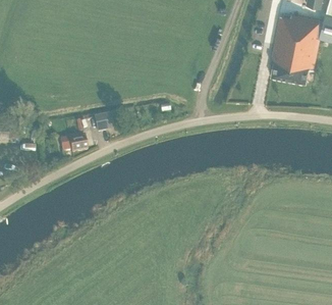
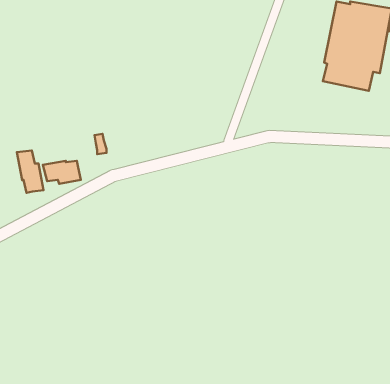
building: none -> [17,151,44,193]

